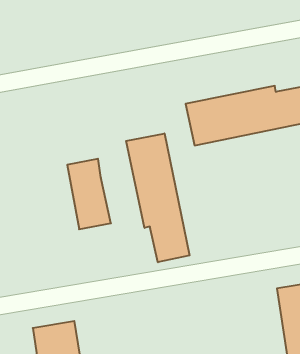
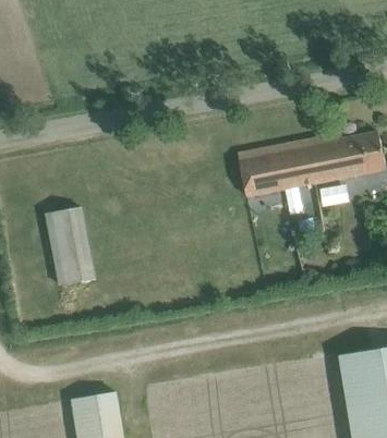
building: [126,133,190,262] -> none
building: [67,159,111,229] -> [47,208,95,285]

